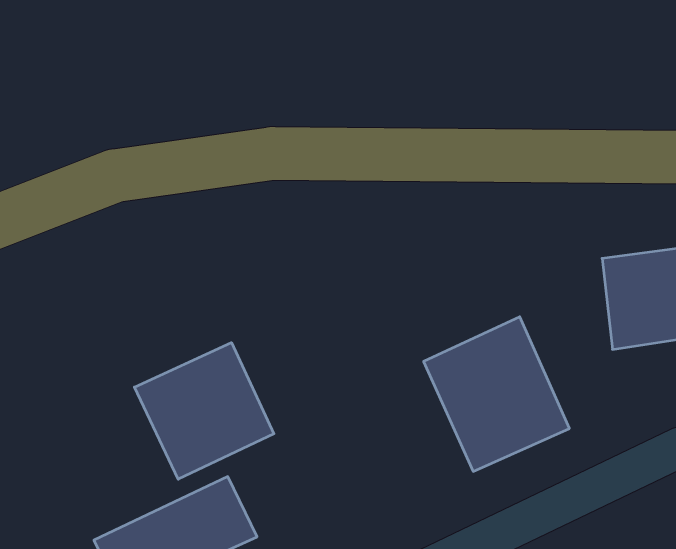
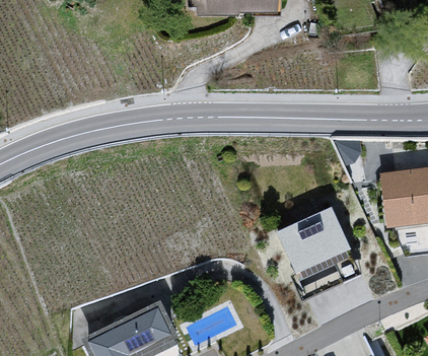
building: [134,343,274,479] -> none

